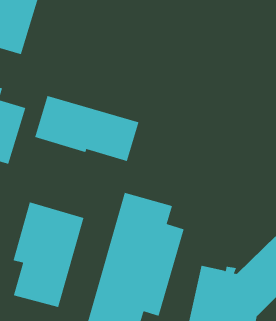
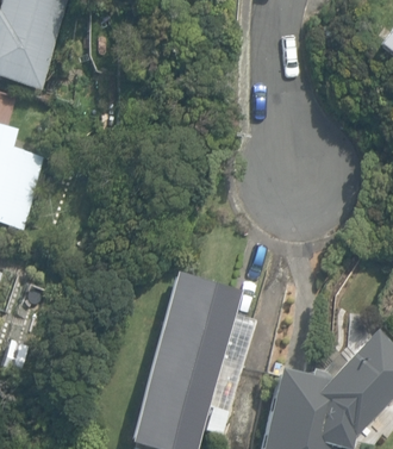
building: [34,95,139,162] -> none
building: [13,202,84,308] -> none

